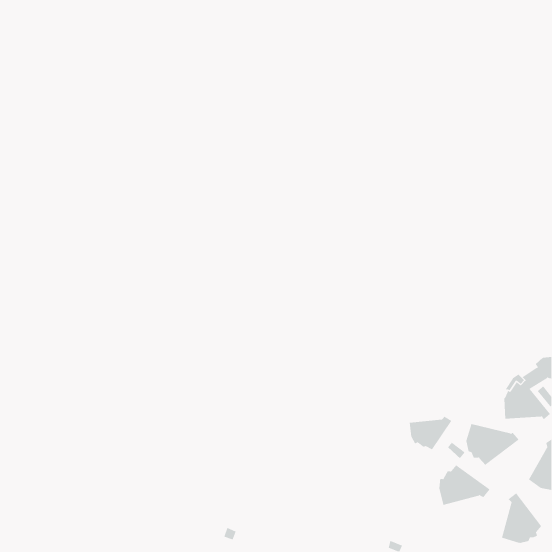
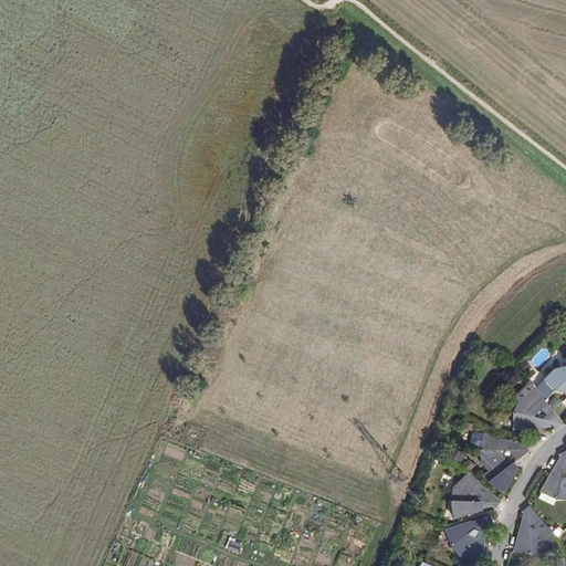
building: [409,416,452,450] -> none
building: none -> [447,515,495,560]

